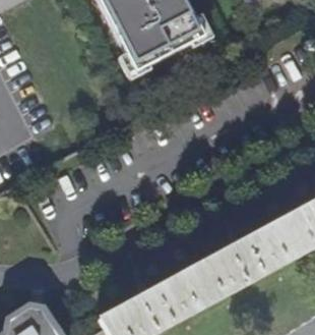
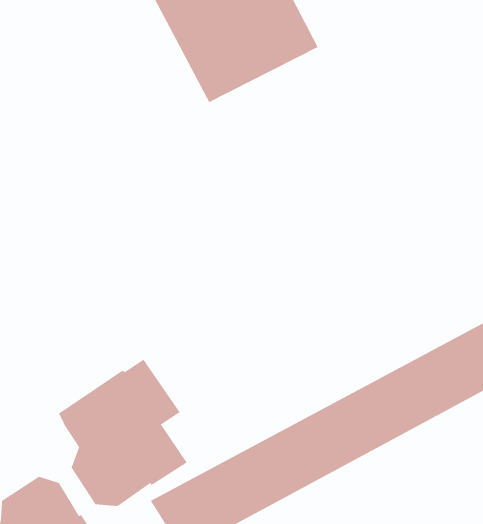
building: none -> [58,359,188,507]

